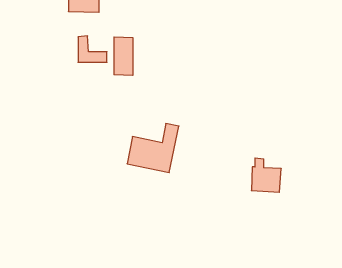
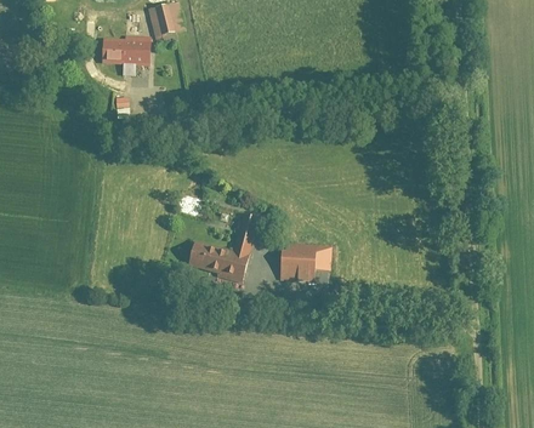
building: [114,37,133,75] -> none
building: [251,158,281,192] -> [282,235,323,283]

